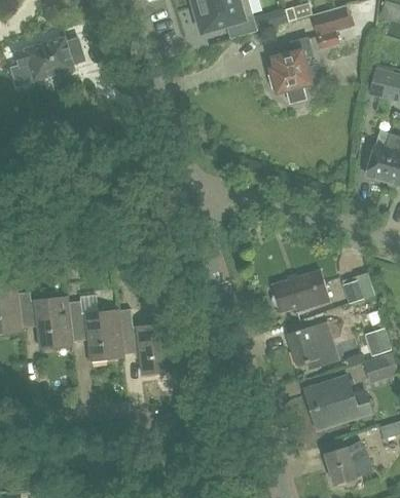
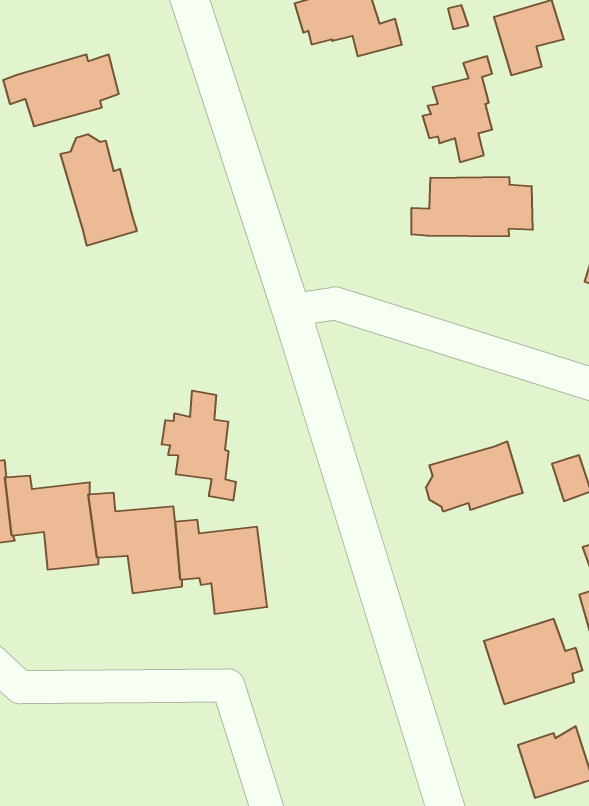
building: none -> [60,134,137,246]
building: none -> [412,177,533,236]
building: none -> [162,391,236,501]
building: [287,320,339,370] -> none

